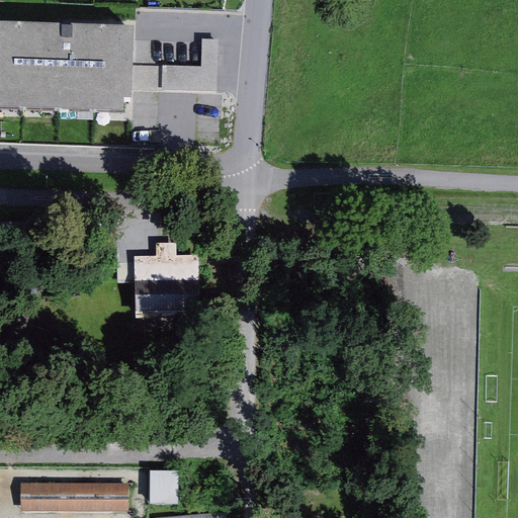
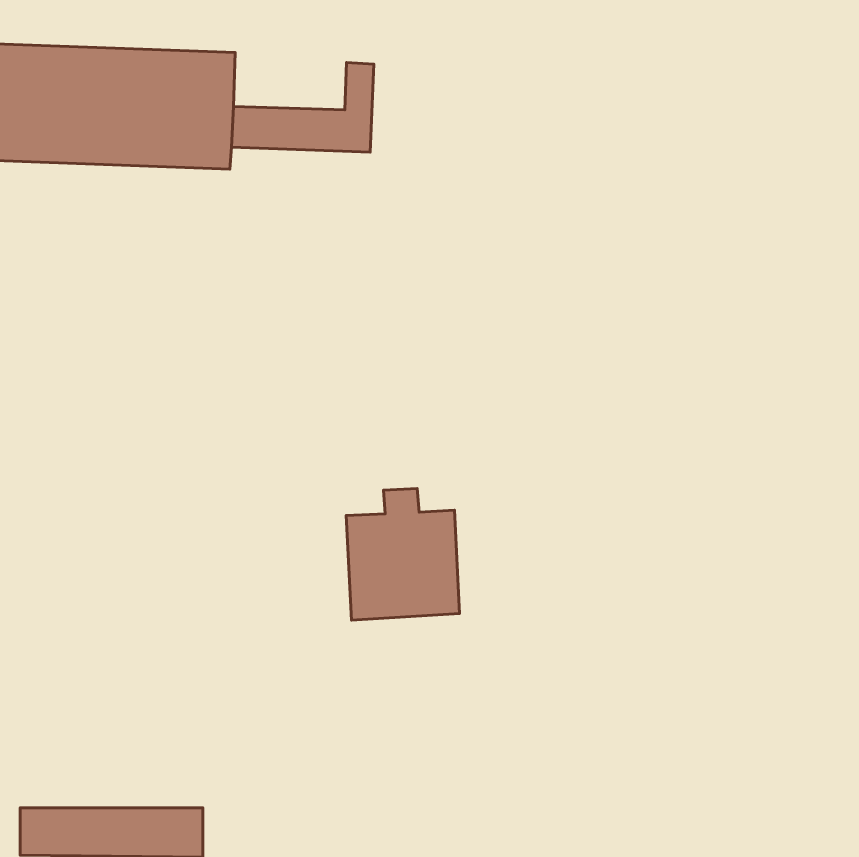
building: [132,239,199,318] -> [346,488,460,620]
building: [150,467,176,501] -> none

